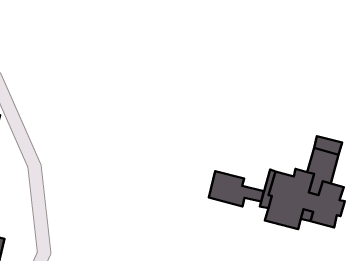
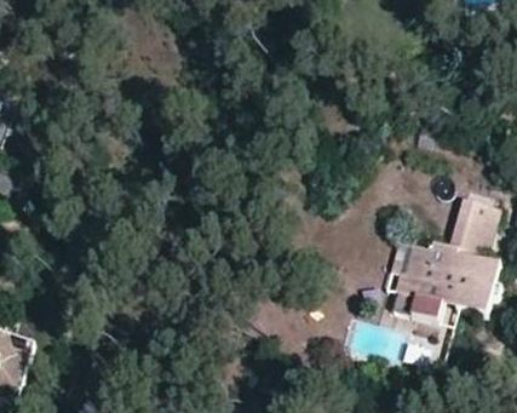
building: [209,171,264,206] -> none

